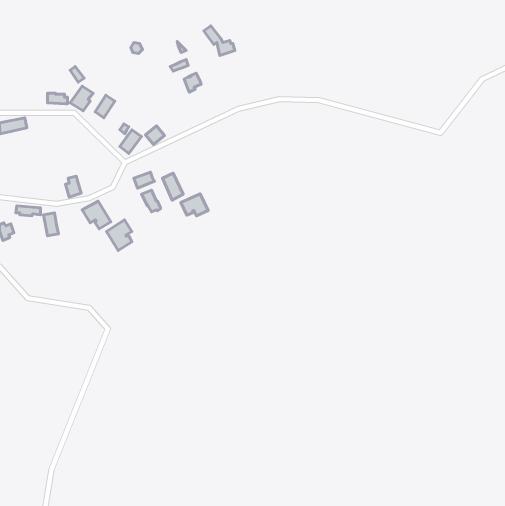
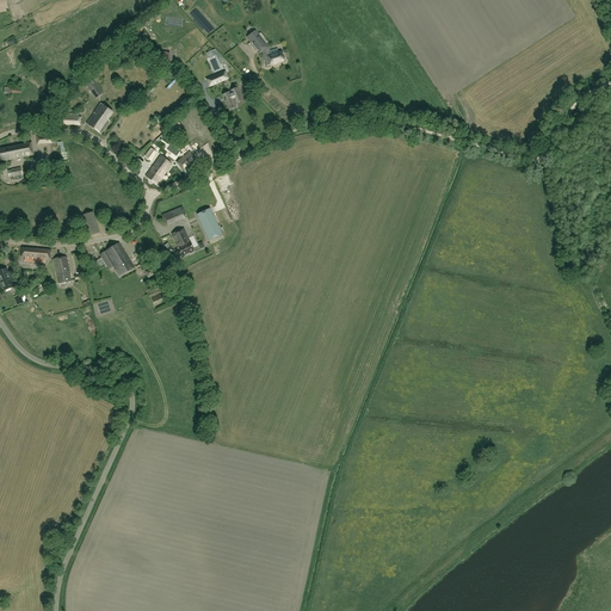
building: [181,194,208,216] -> none
building: [107,220,132,250] -> none

